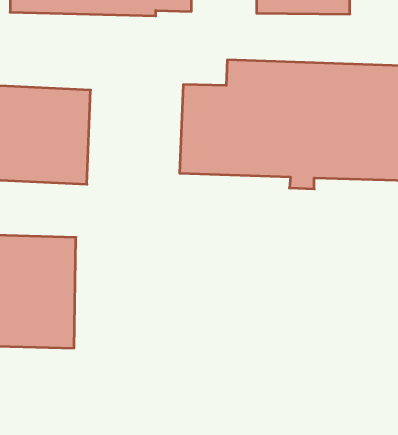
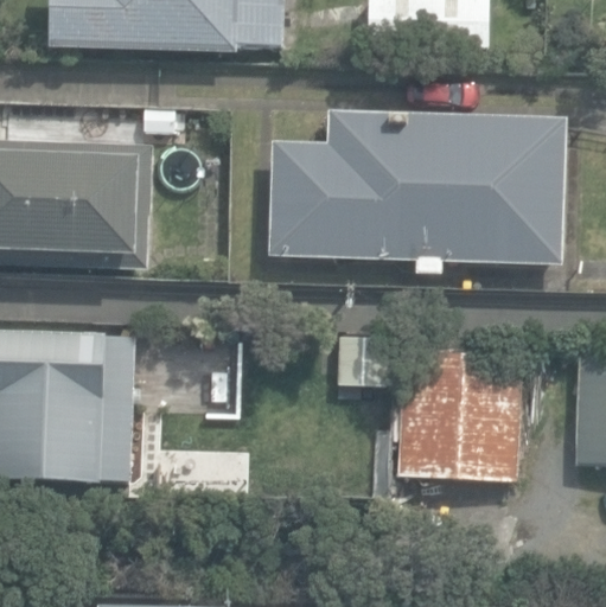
building: none -> [397,352,523,481]

